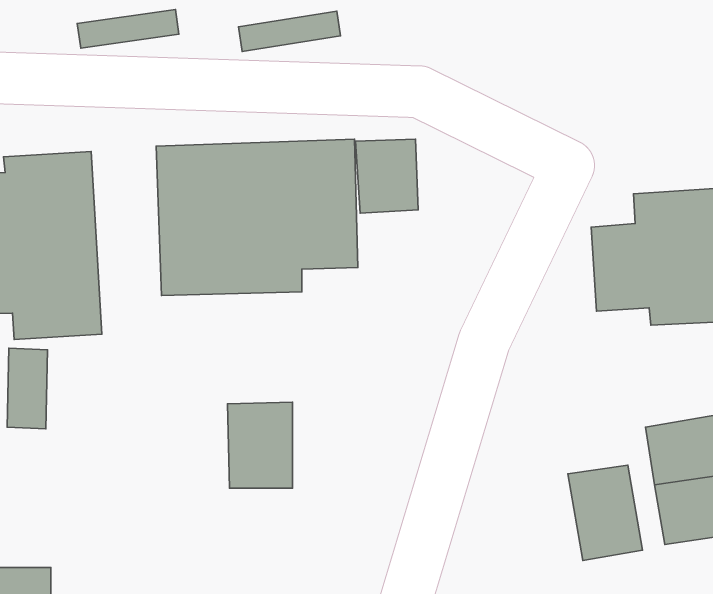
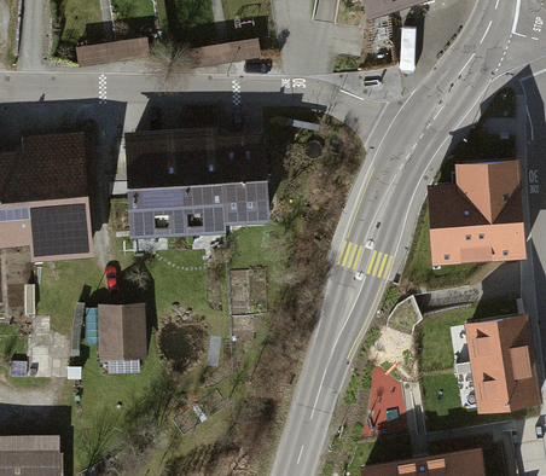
building: [355,139,418,213] -> none
building: [228,402,293,488] -> [99,300,144,359]
building: [568,465,642,561] -> none

